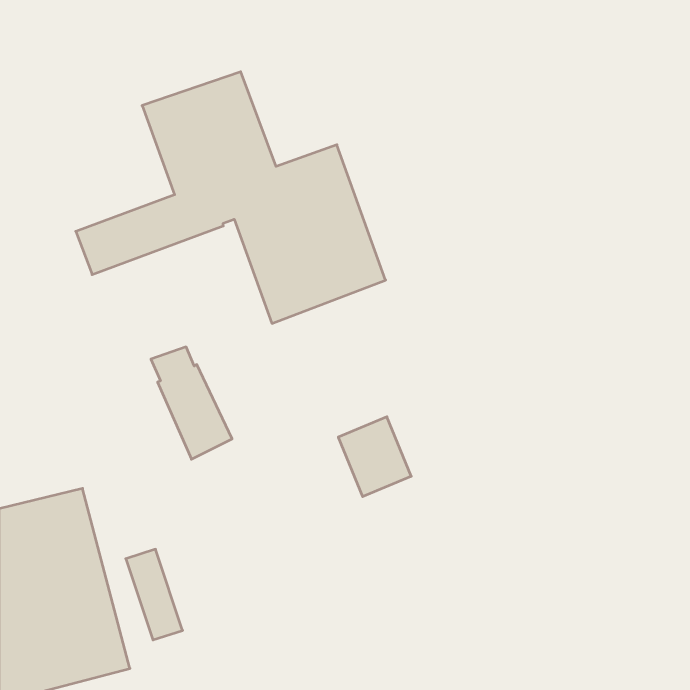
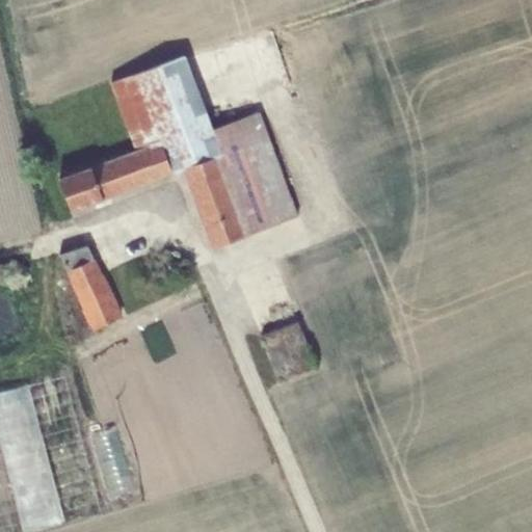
building: [151,347,232,459] -> [59,245,122,331]

